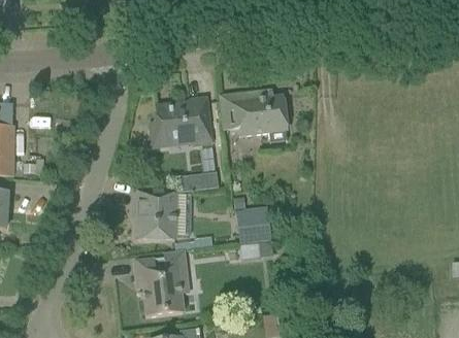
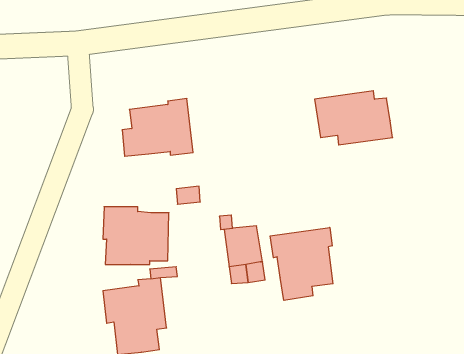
building: [220,89,287,135] -> [315,91,393,145]
building: none -> [270,227,333,300]

